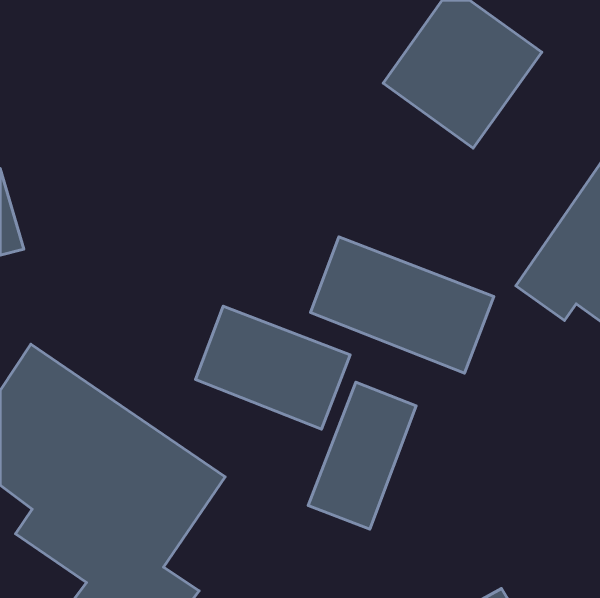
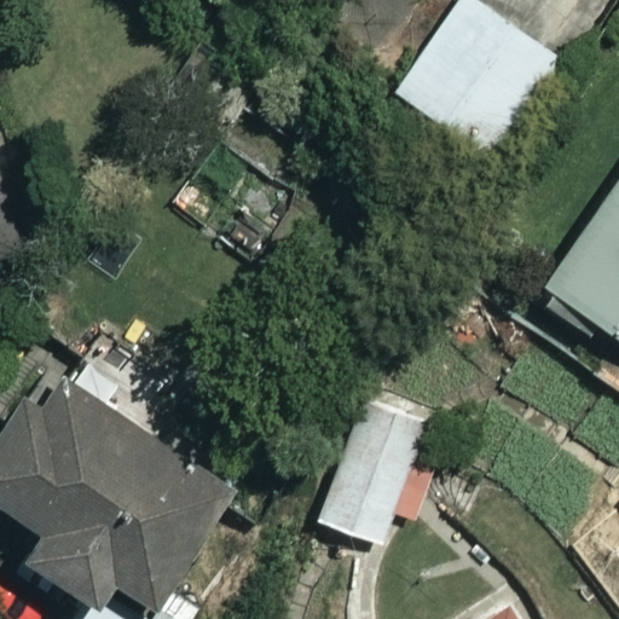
building: [310,237,494,373] -> none
building: [196,306,350,429] -> none

